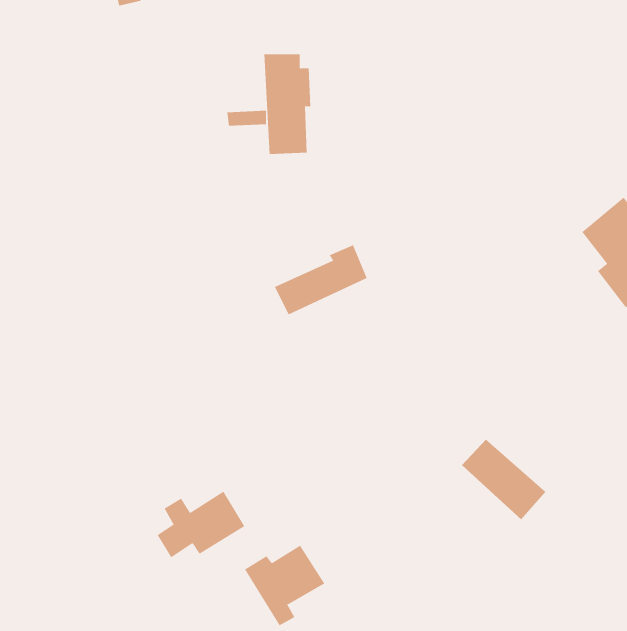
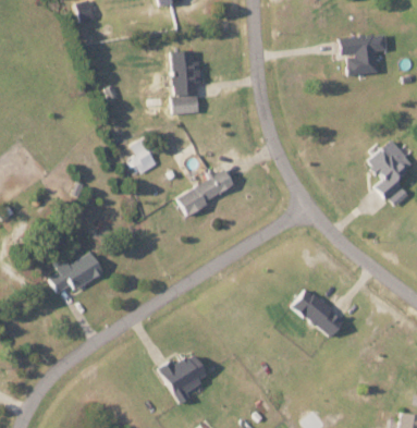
building: none -> [340,34,388,75]
building: none -> [132,136,158,173]
building: [157,491,245,558] -> [49,252,103,293]

